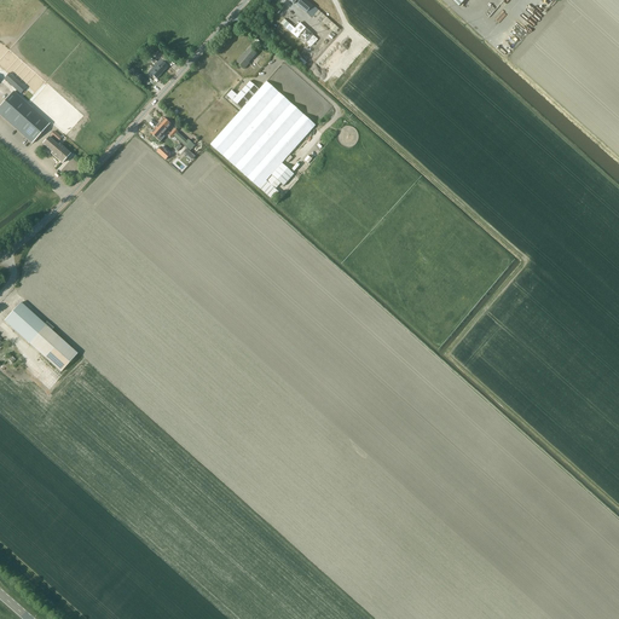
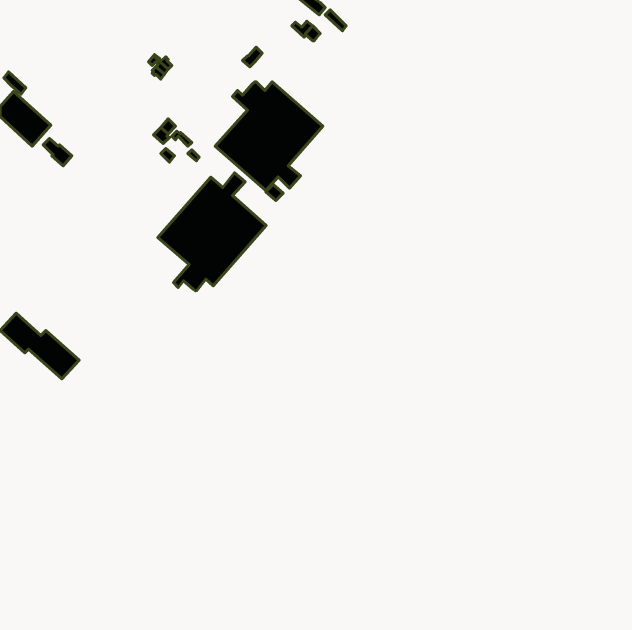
building: none -> [158,173,266,291]

